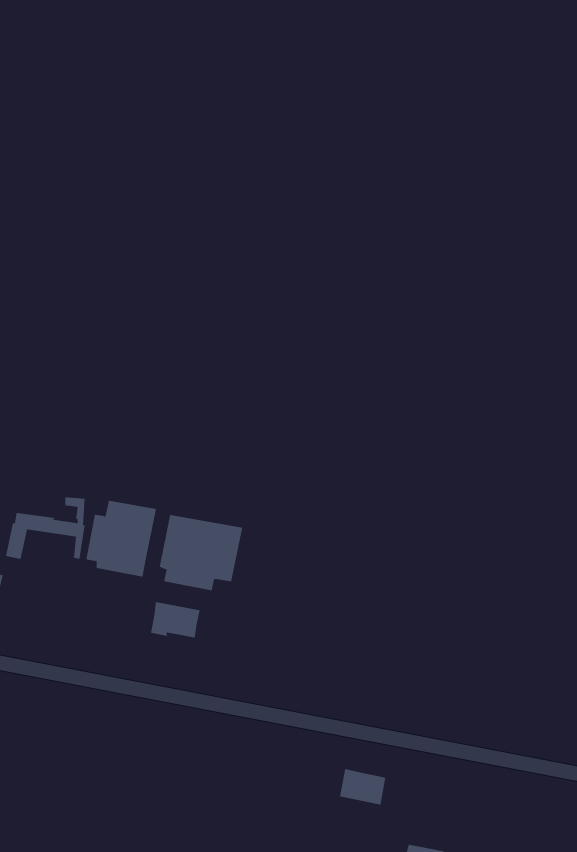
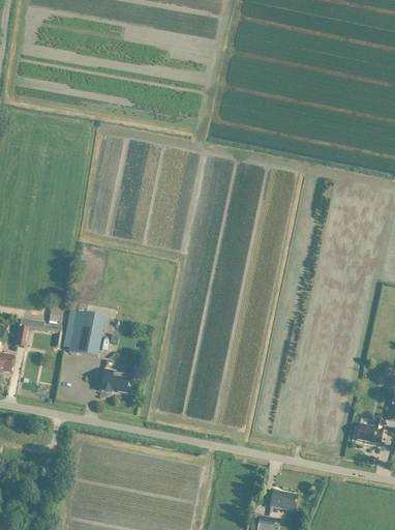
building: [159,514,243,591] -> none
building: [339,769,386,805] -> [269,490,297,511]

